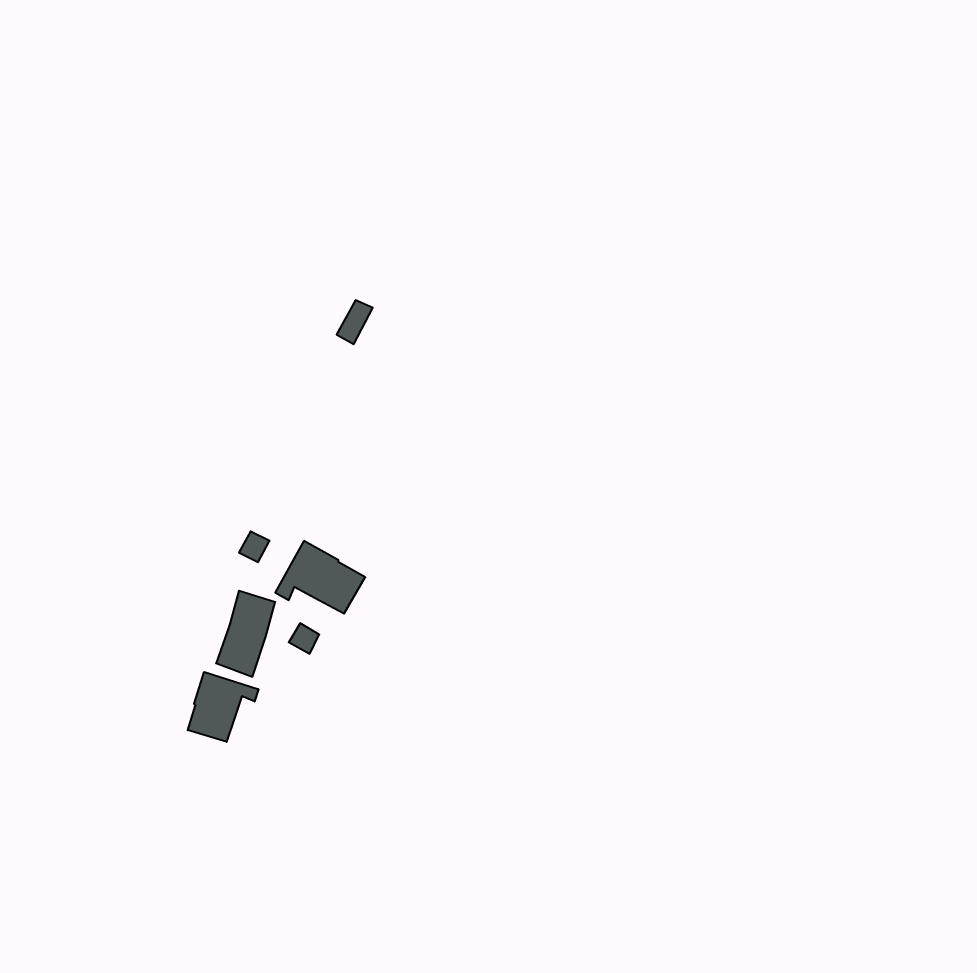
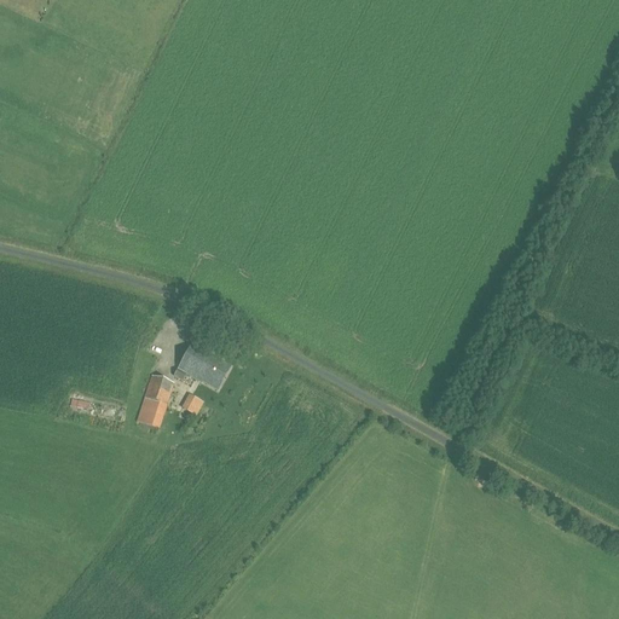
building: [188,672,258,742] -> none

